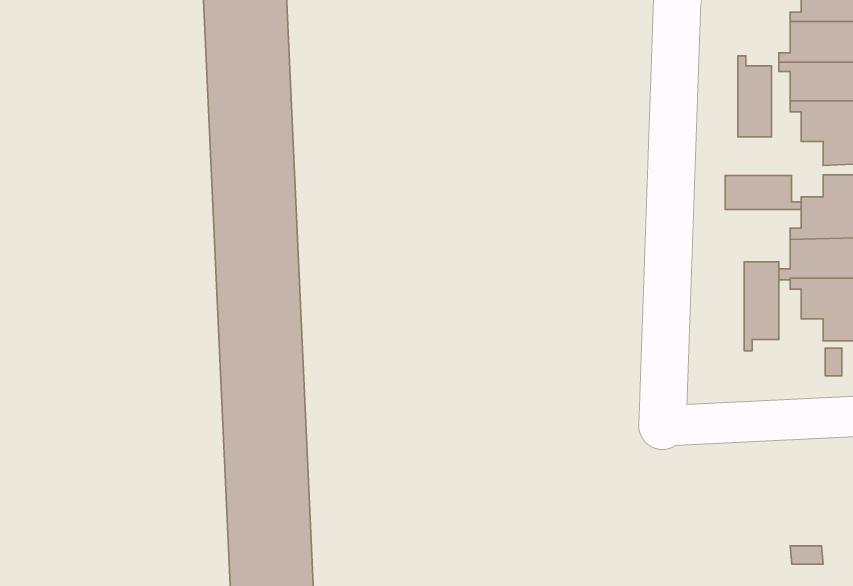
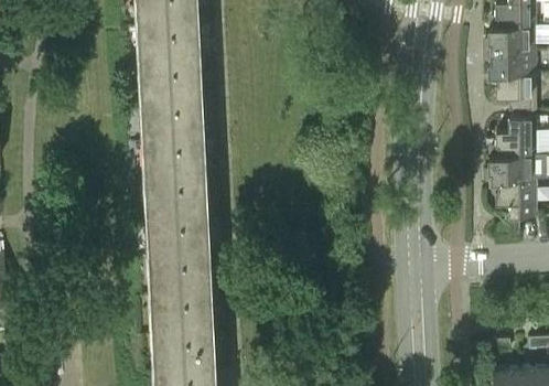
building: [738,56,771,137] -> none
building: [725,176,801,210] -> none
building: [744,262,779,351] -> none

